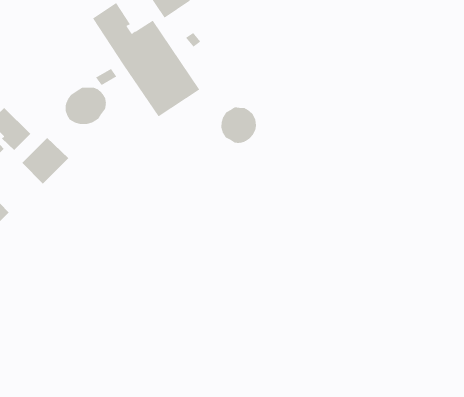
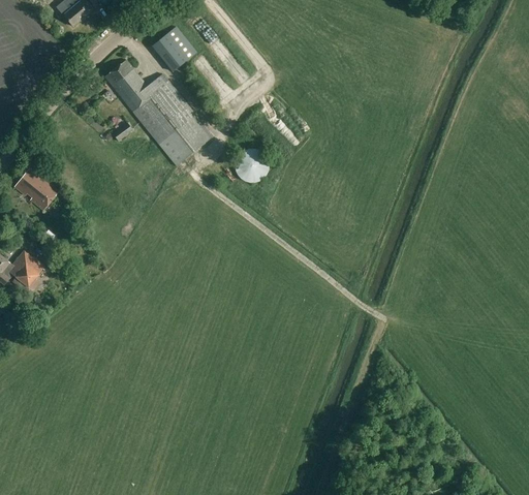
building: [65,87,106,125] -> none
building: [21,137,69,185] -> none

